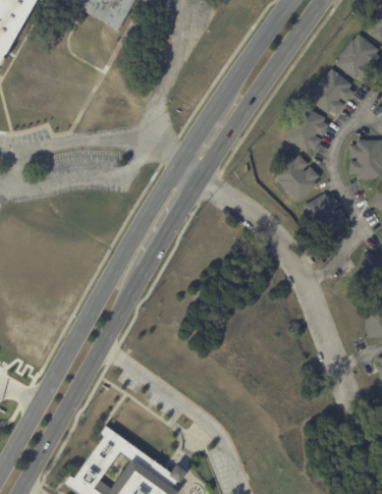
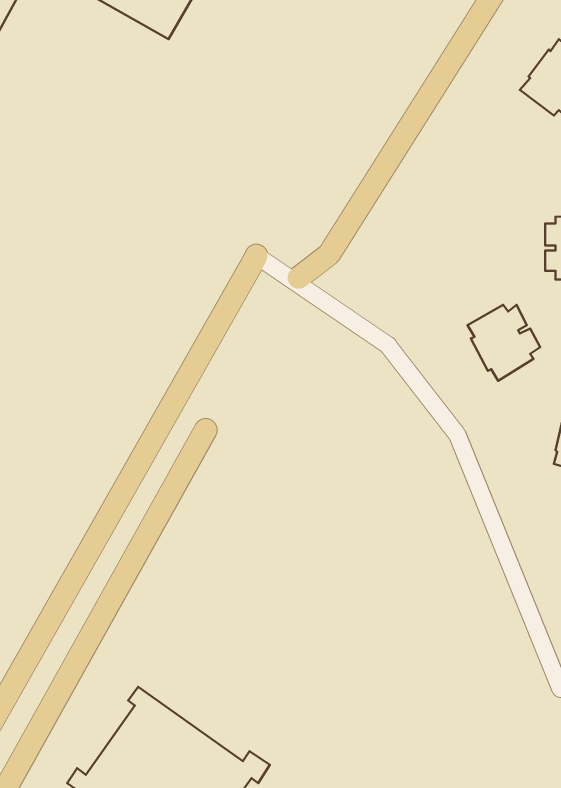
building: [309,68,353,115] -> none
building: [285,106,328,152] -> none
building: [273,155,319,202] -> none

